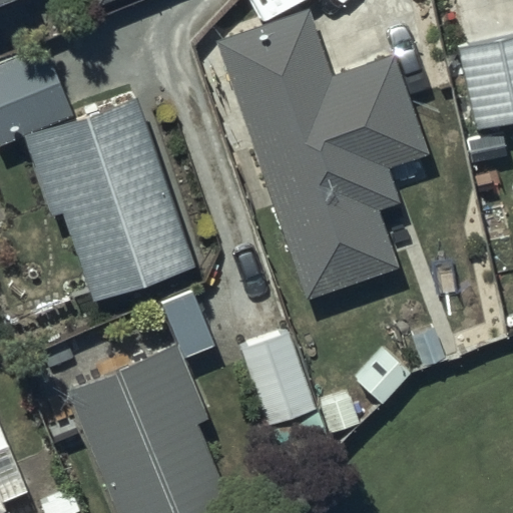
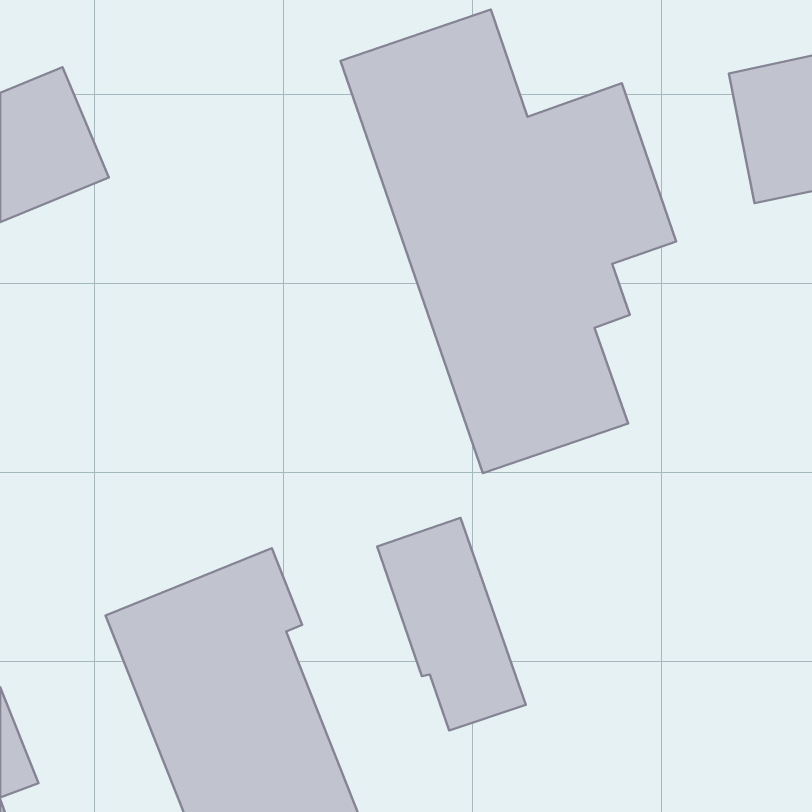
building: [25,96,193,302] -> none

